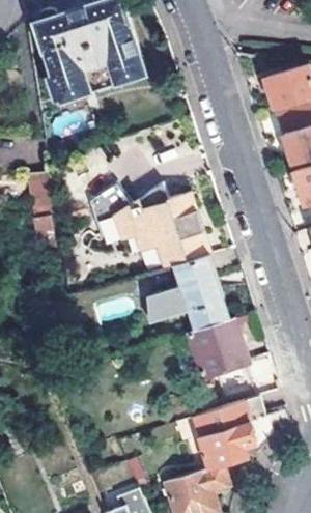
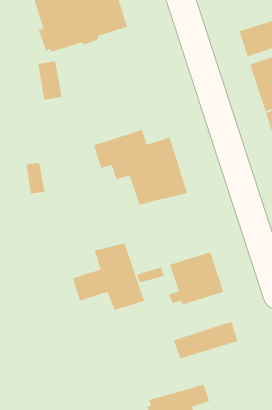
building: [28,176,55,220] -> [38,61,62,100]
building: [151,255,231,330] -> [72,243,145,311]
building: [200,415,277,467] -> none

